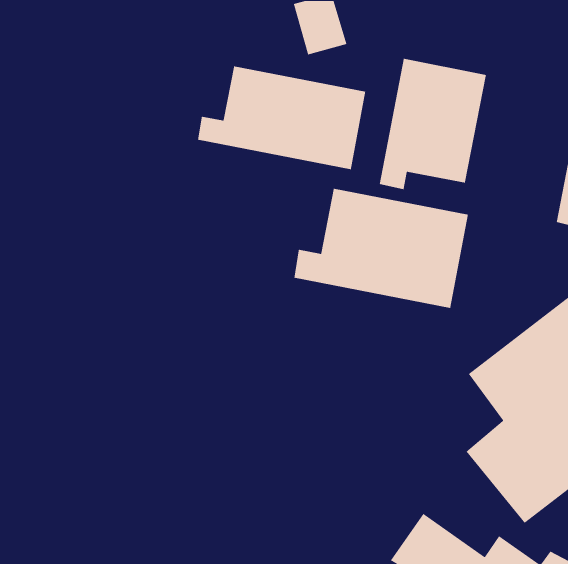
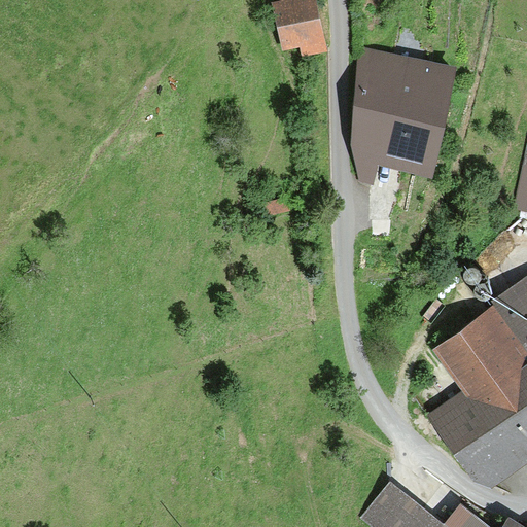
building: [197,65,366,170] -> none
building: [293,188,469,309] -> none

